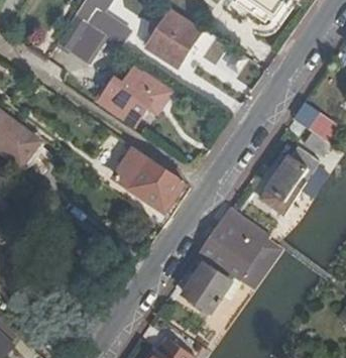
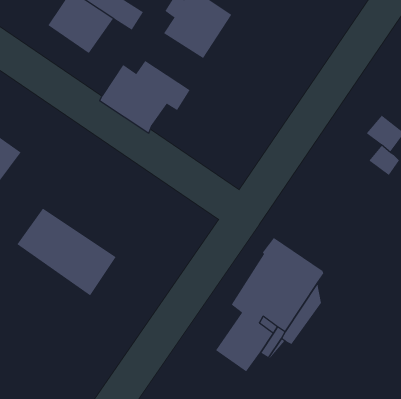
building: [263,147,319,213] -> none
building: [116,150,194,219] -> [16,208,117,296]

